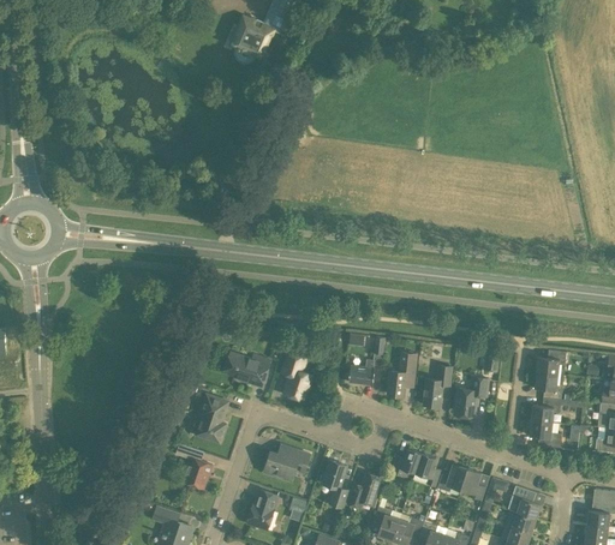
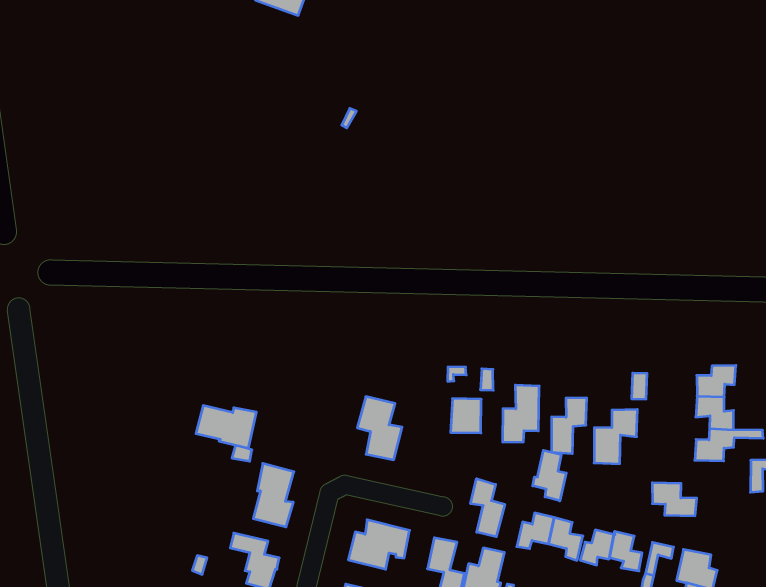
building: [223,352,270,387] -> [196,406,256,448]
building: none -> [533,450,566,501]
building: none -> [471,479,505,537]
building: [529,420,562,448] -> [652,483,697,516]

